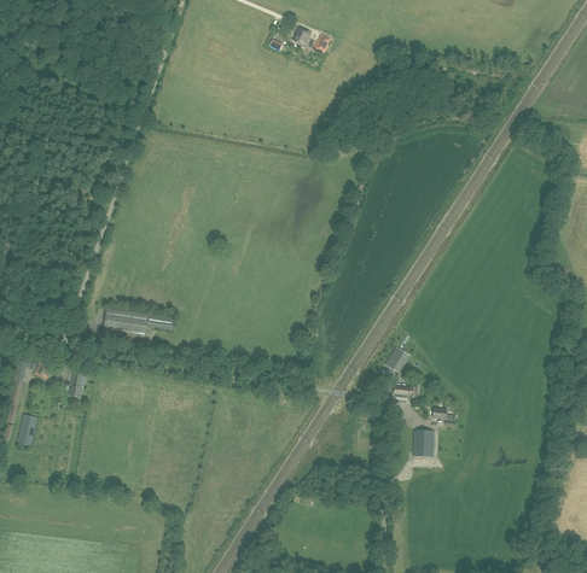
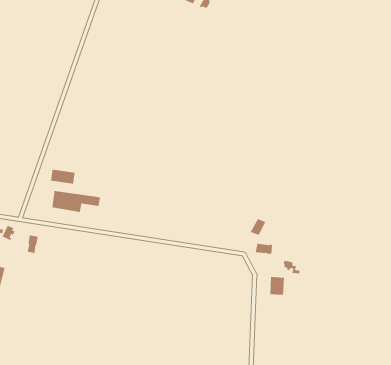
building: none -> [50,169,75,185]

